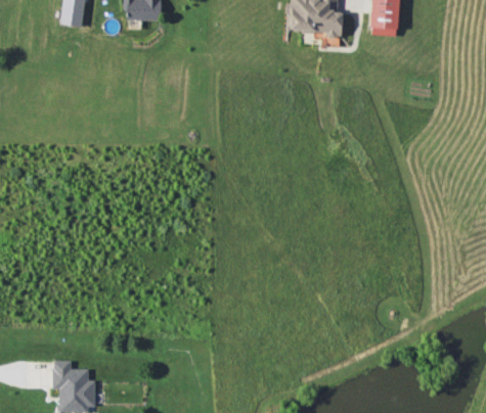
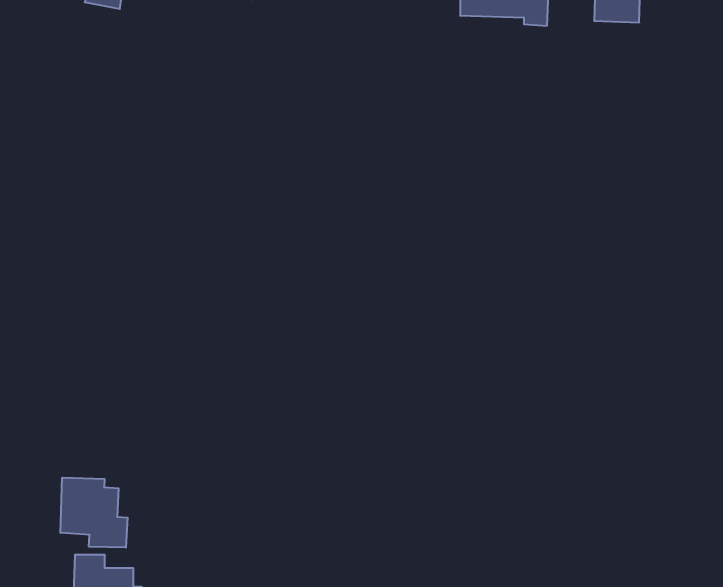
building: none -> [61,478,128,548]

